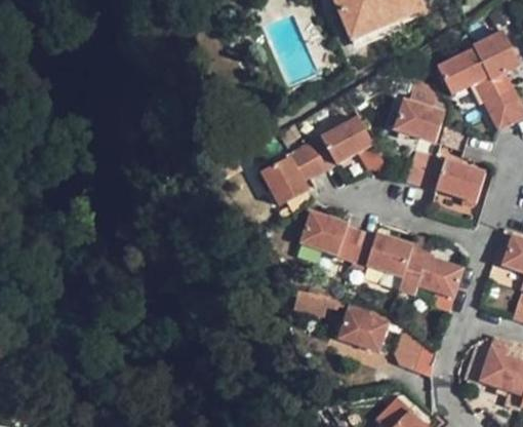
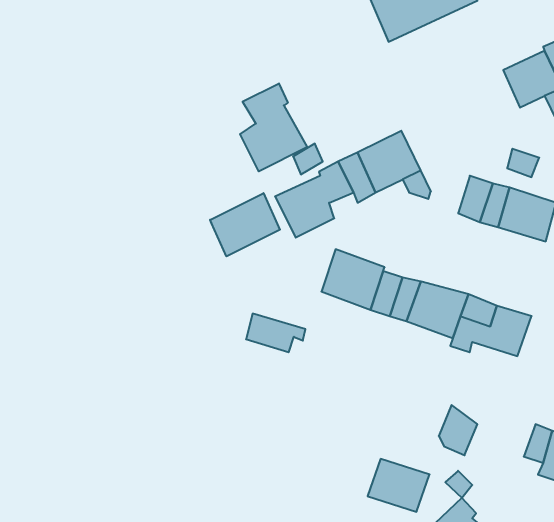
building: none -> [240,83,307,171]
building: [395,96,448,143] -> none
building: none -> [210,193,280,256]
building: [289,292,336,322] -> [246,314,305,352]
building: [339,308,389,350] -> [368,459,430,512]

